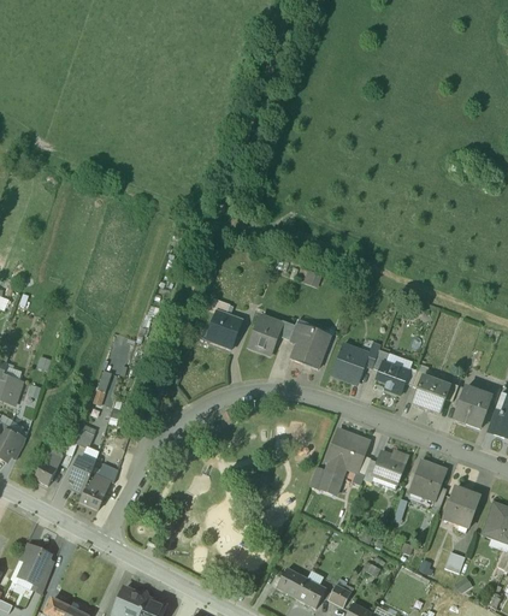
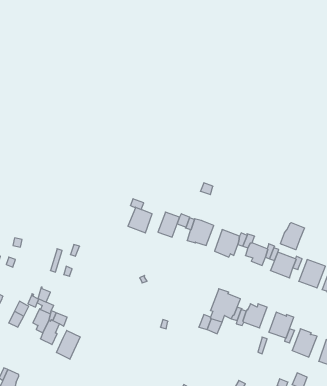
building: none -> [280,223,304,250]
building: none -> [57,330,80,359]

